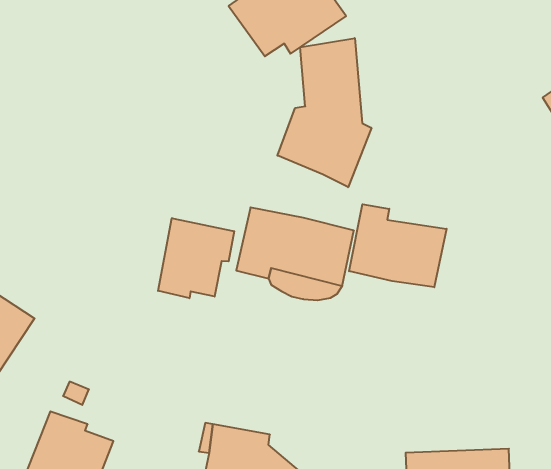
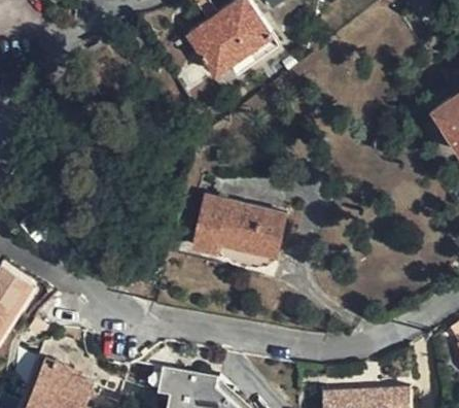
building: [277,38,371,187] -> none
building: [349,204,447,287] -> none
building: [158,218,234,298] -> none

